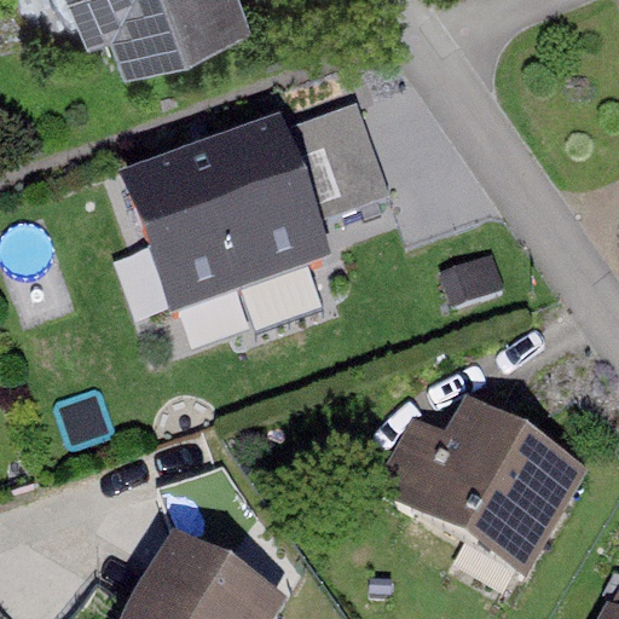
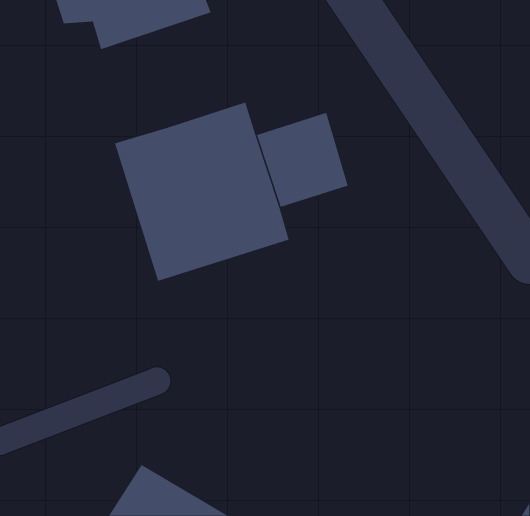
building: [372,409,578,573] -> none

